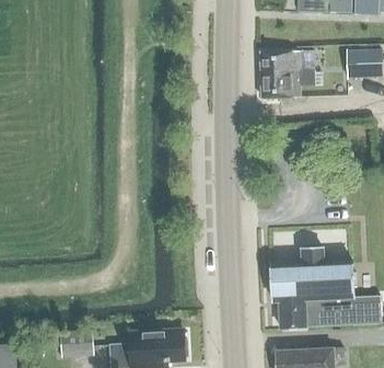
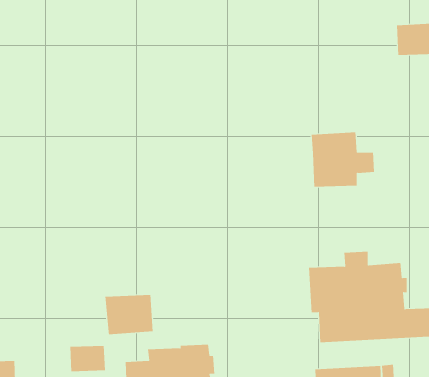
building: [259,50,315,99] -> [311,132,375,187]
building: none -> [105,294,153,335]

